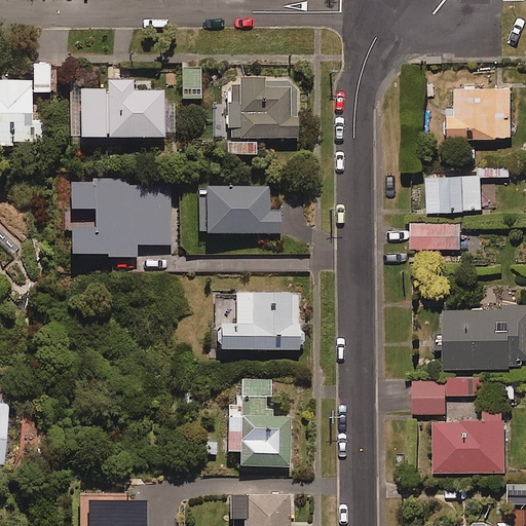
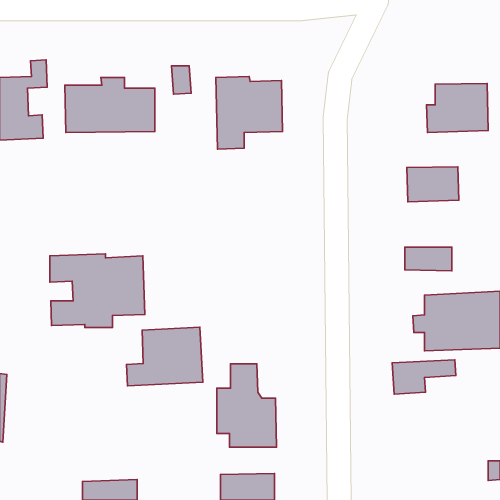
building: [70,181,170,258] -> [50,254,145,327]
building: [200,187,278,233] -> none
building: [411,223,460,248] -> [405,247,452,271]
building: [218,291,298,352] -> [126,327,203,386]
building: [434,419,505,473] -> none

